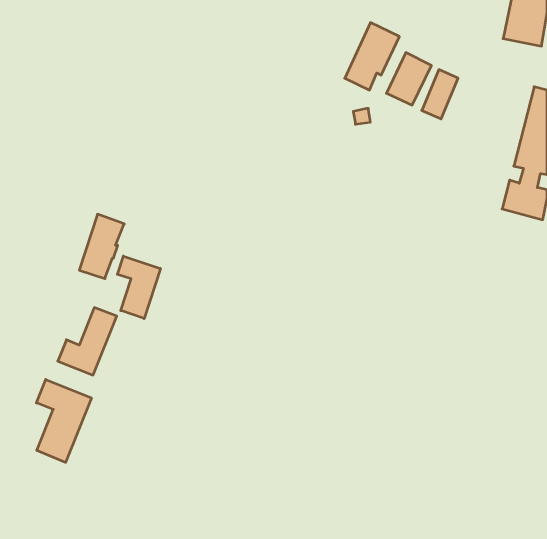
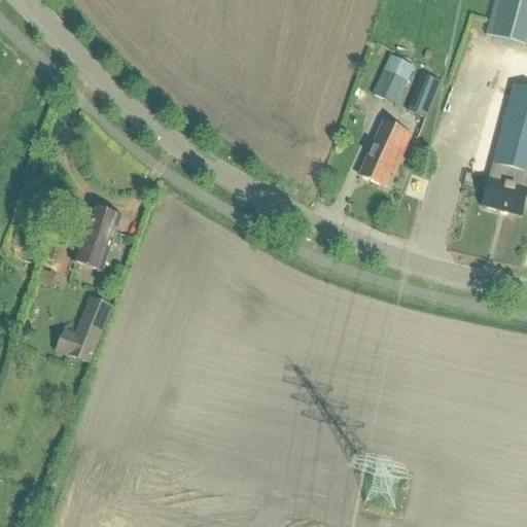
building: [345,23,399,90] -> [360,117,413,182]
building: [117,256,160,319] -> none
building: [36,379,91,462] -> none

